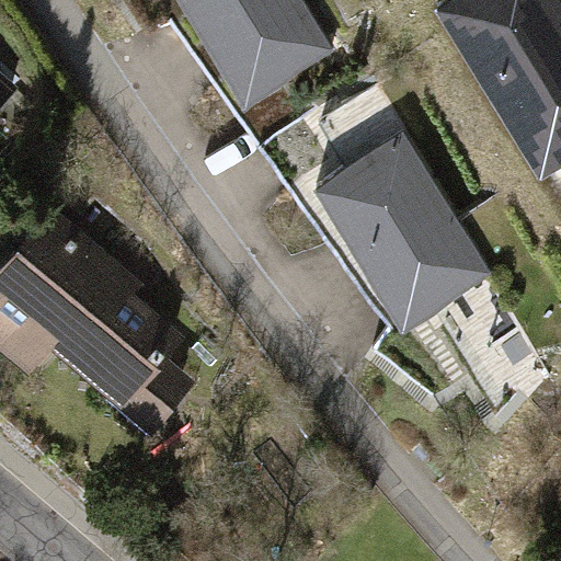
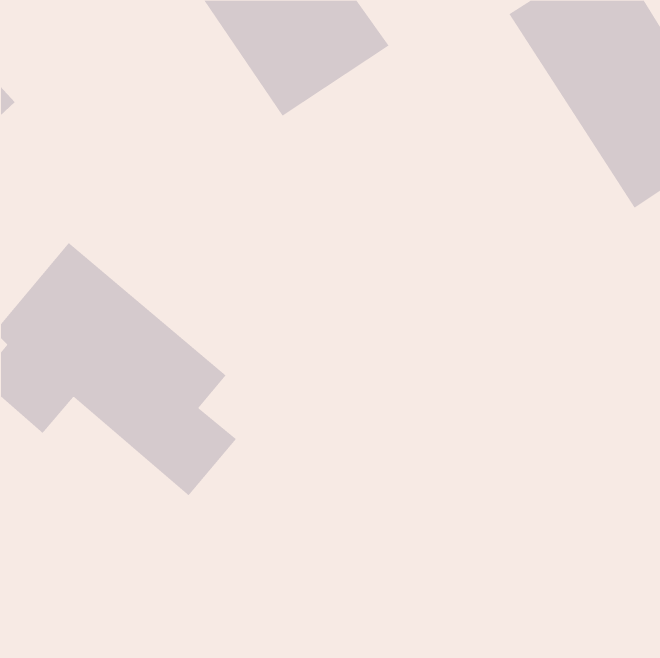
building: [309,133,489,332] -> none

